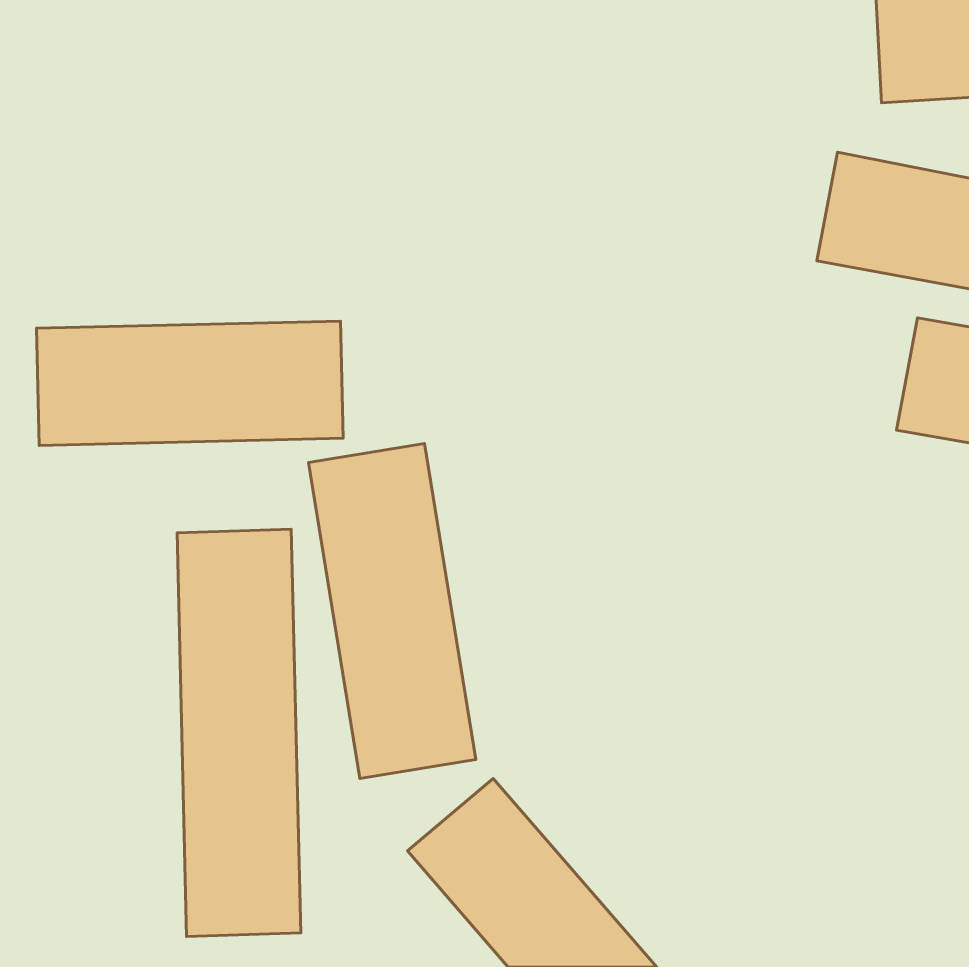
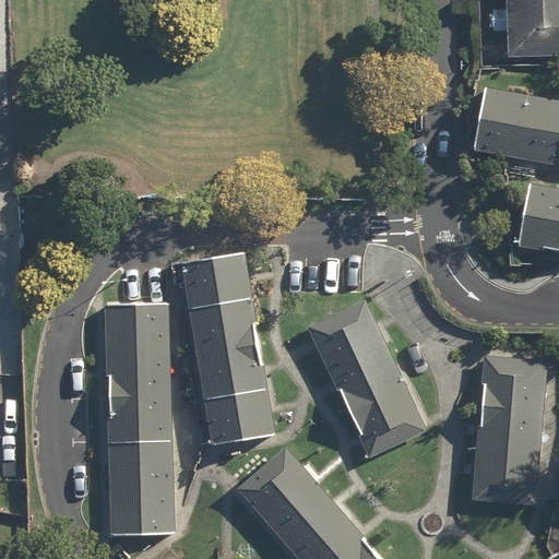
building: [36,321,343,445] -> none
building: none -> [307,299,428,459]
building: none -> [471,356,548,504]

